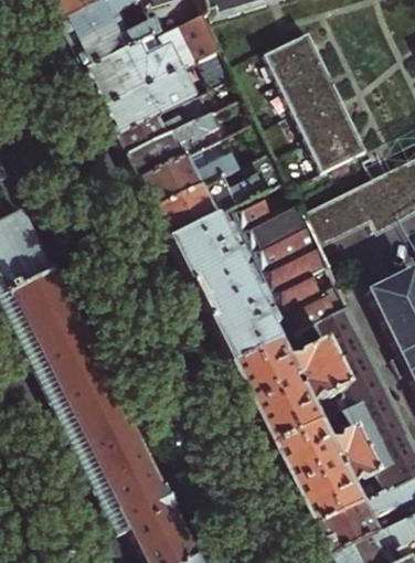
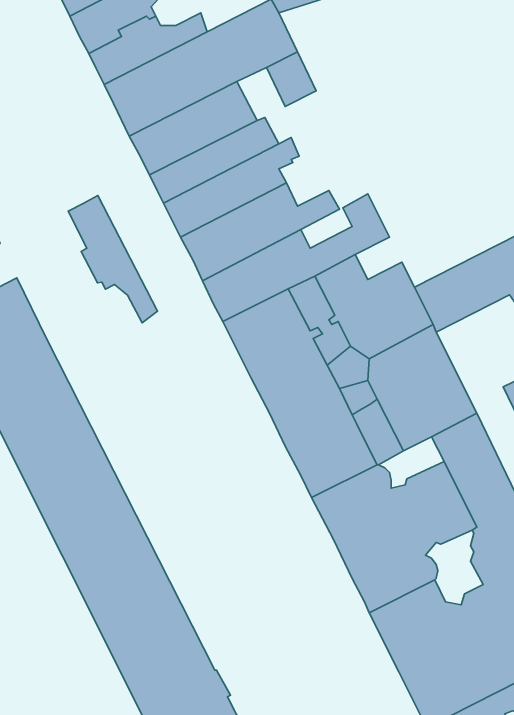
building: [266,31,368,172] -> none
building: none -> [68,195,157,323]

